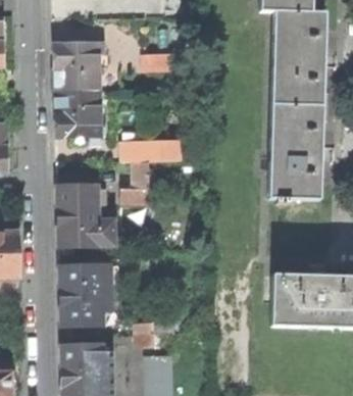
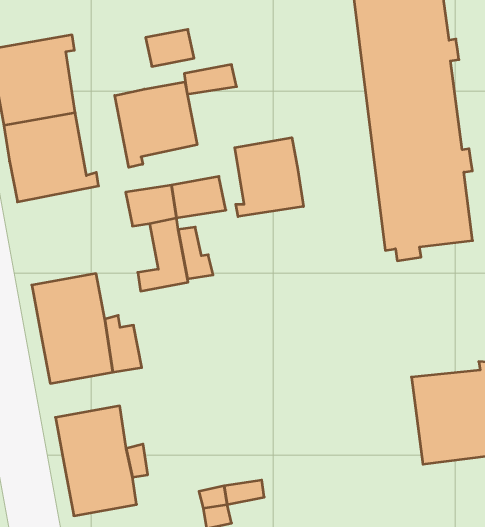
building: none -> [115,82,197,167]
building: none -> [235,138,303,217]

